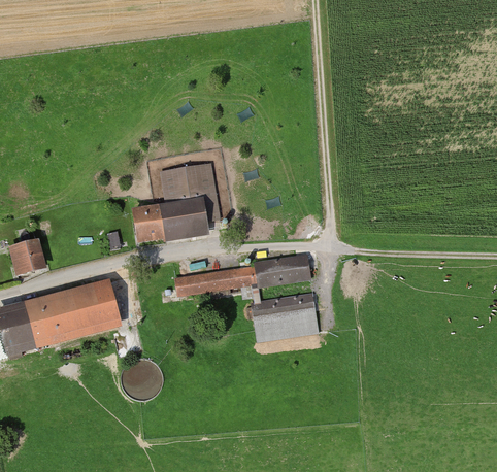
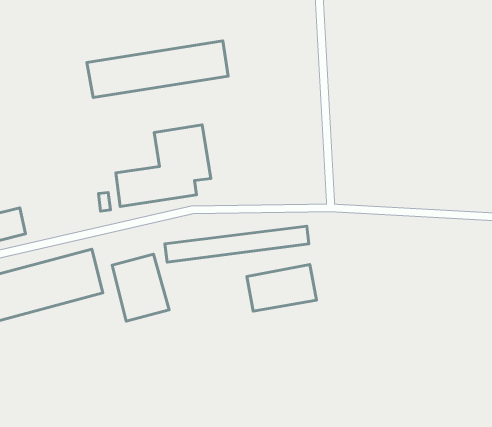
building: none -> [87,41,228,97]
building: none -> [112,254,169,321]

